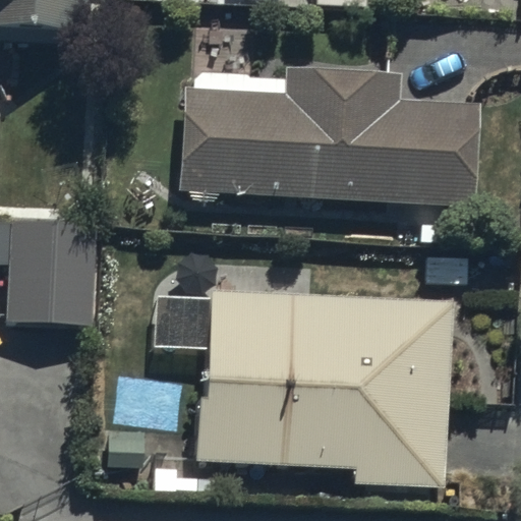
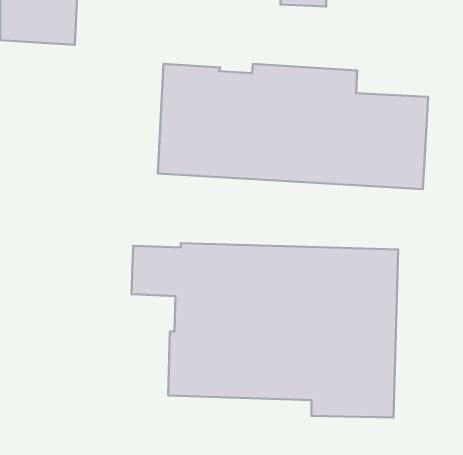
building: [8,221,100,328] -> none

